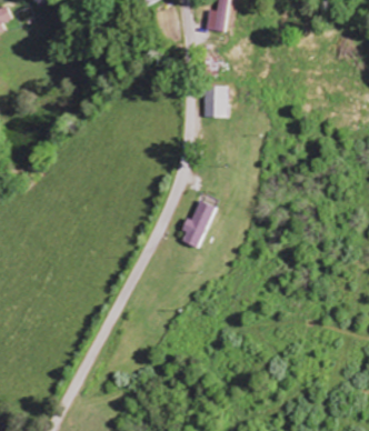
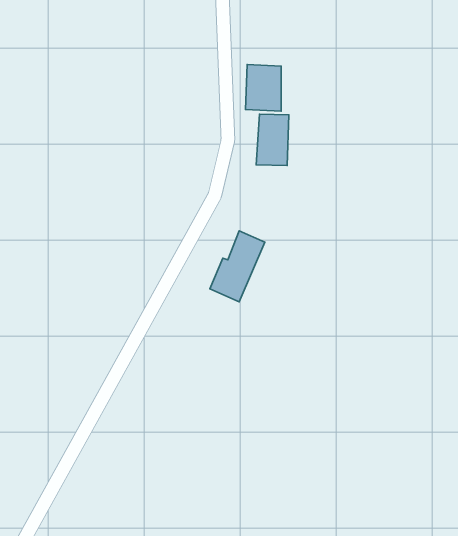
building: none -> [256,114,289,165]

